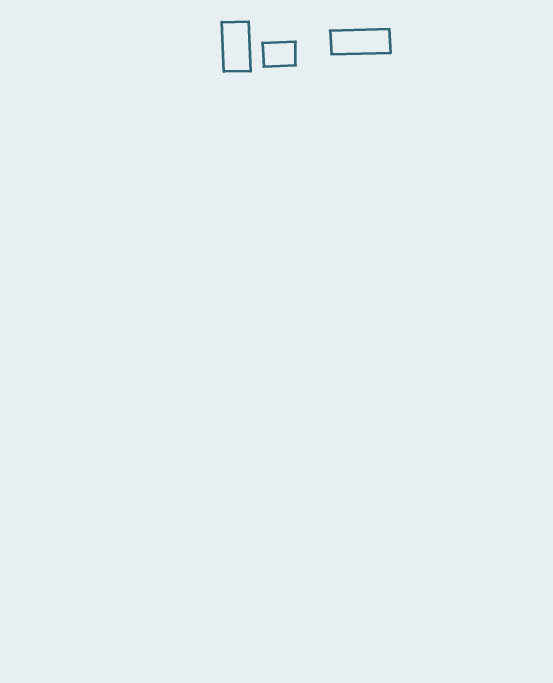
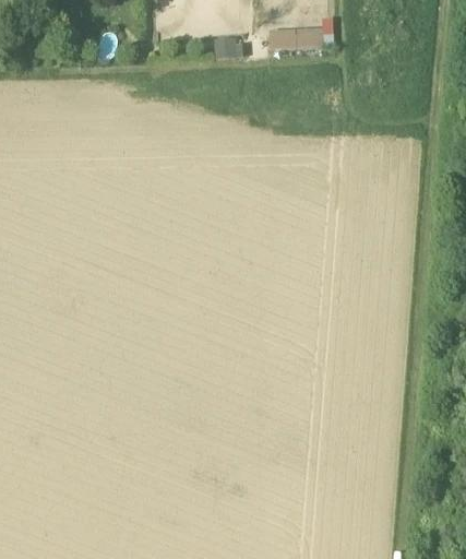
building: [222,22,251,72] -> none

